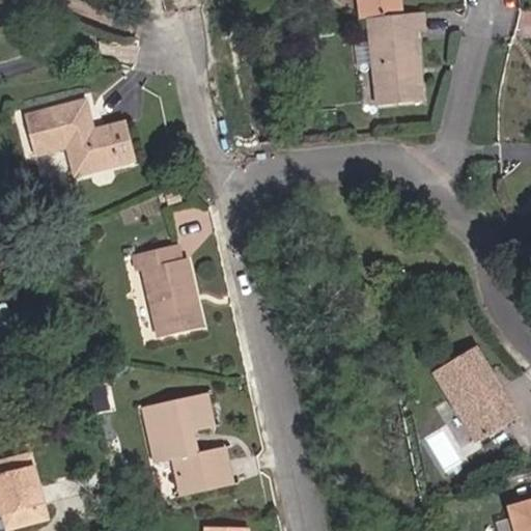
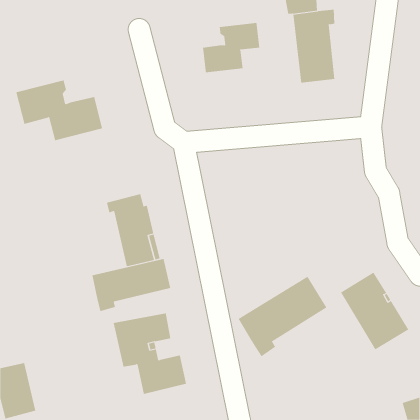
building: none -> [202,22,260,73]
building: none -> [92,258,171,312]
building: none -> [238,276,327,357]

